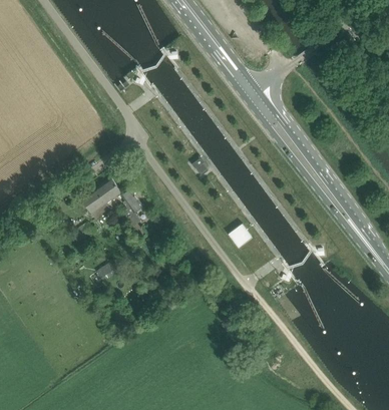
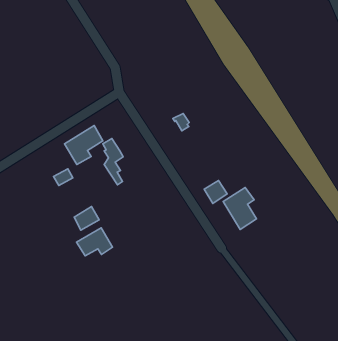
building: none -> [223,187,256,230]
building: none -> [77,228,112,256]

